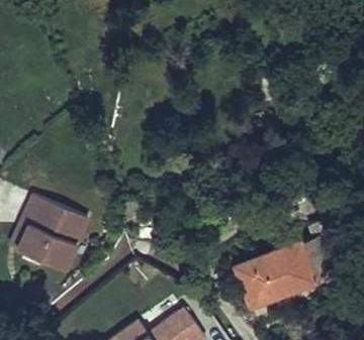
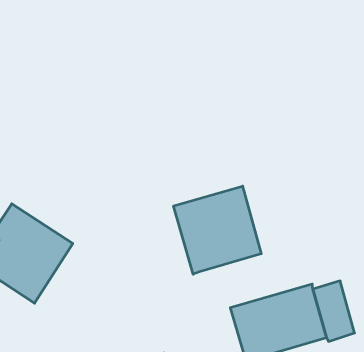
building: none -> [174,186,261,274]

